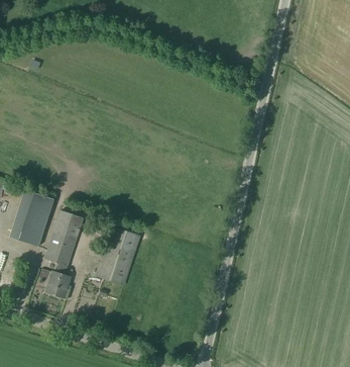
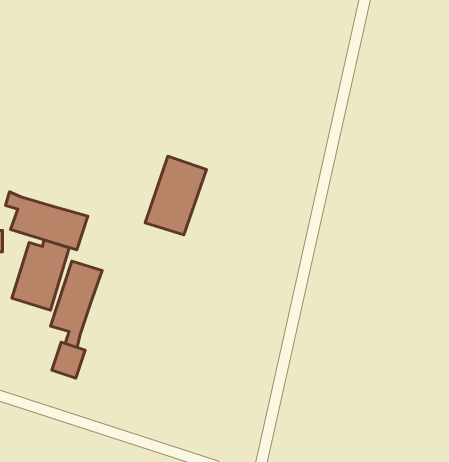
building: none -> [5,192,88,250]
building: [94,225,140,285] -> [145,156,206,235]

